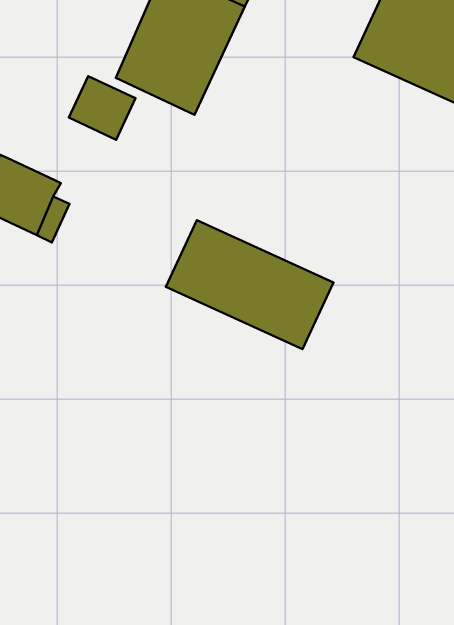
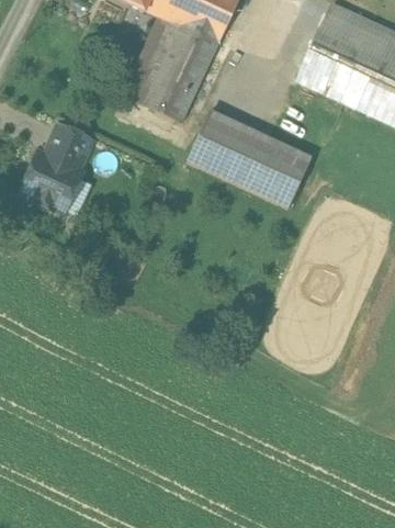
building: [69,76,136,140] -> [43,123,92,170]
building: [166,220,334,349] -> [188,110,312,205]

